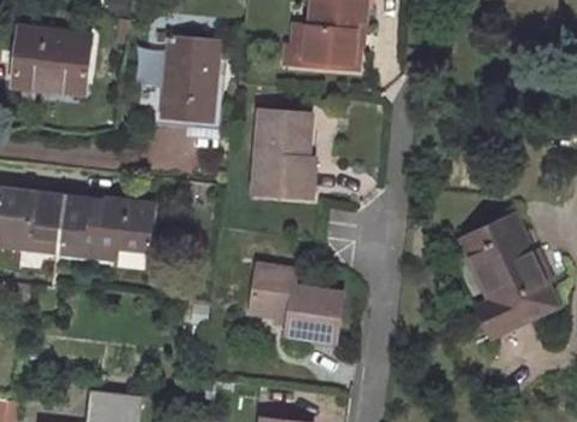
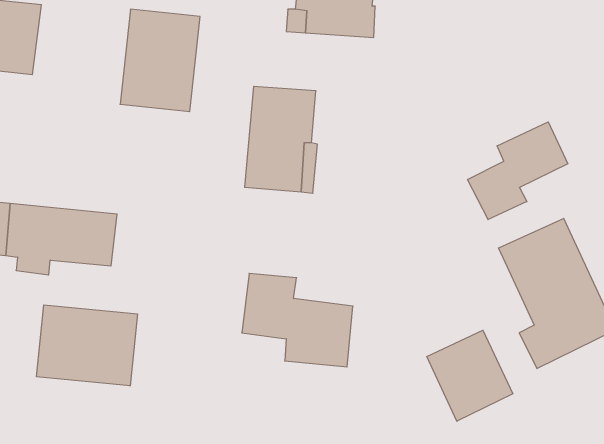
building: none -> [468,122,568,220]
building: none -> [37,305,137,386]
building: none -> [427,330,513,421]

